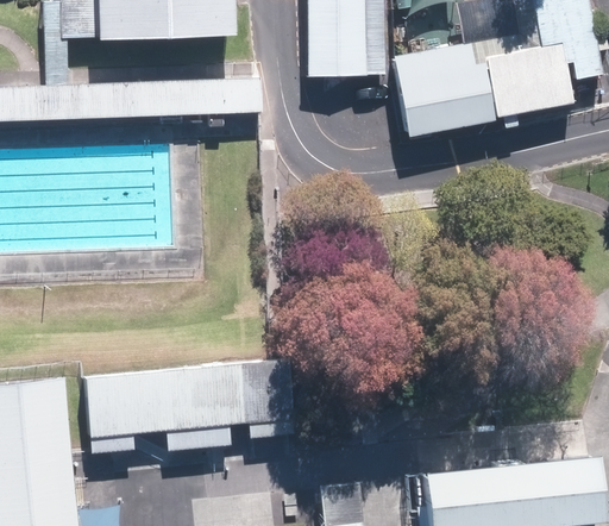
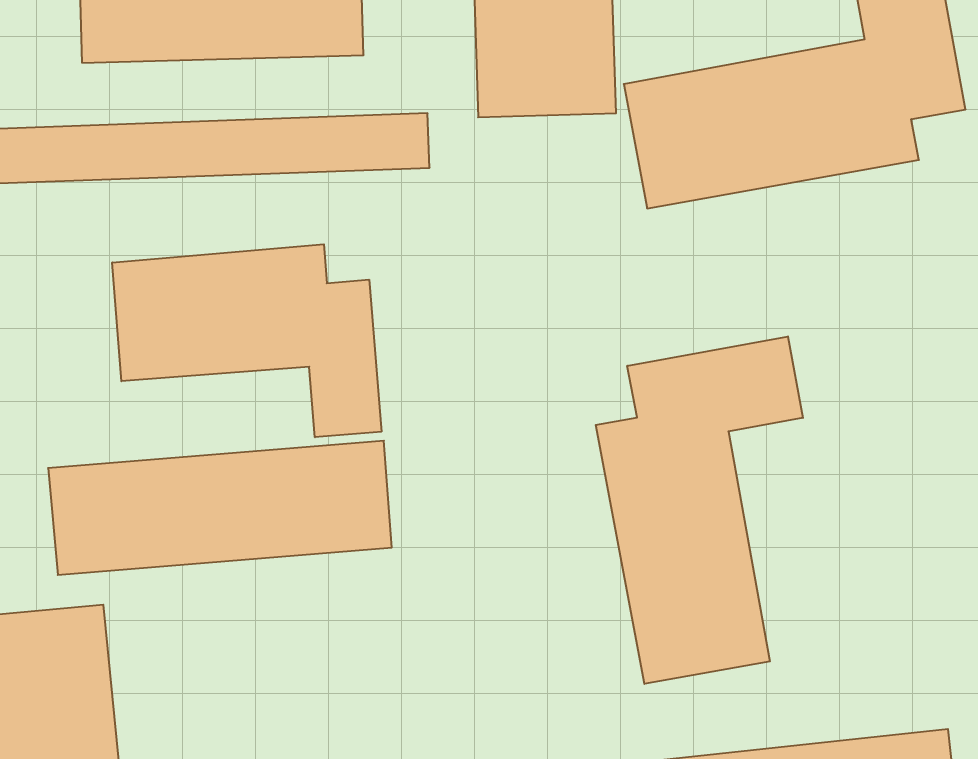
building: none -> [112,244,381,437]
building: none -> [596,336,803,684]
building: [84,361,295,443] -> [48,441,392,575]

